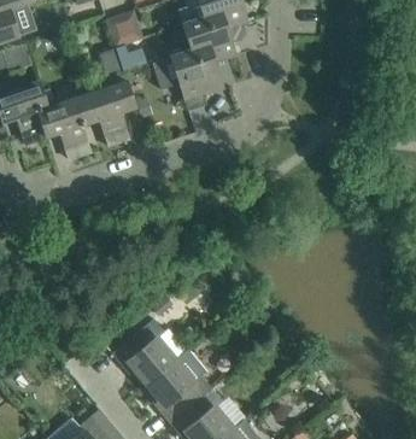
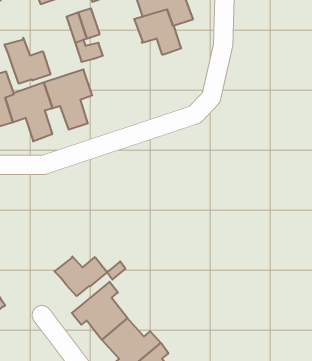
building: none -> [5,38,50,84]
building: [170,45,223,110] -> none
building: none -> [54,256,107,296]

